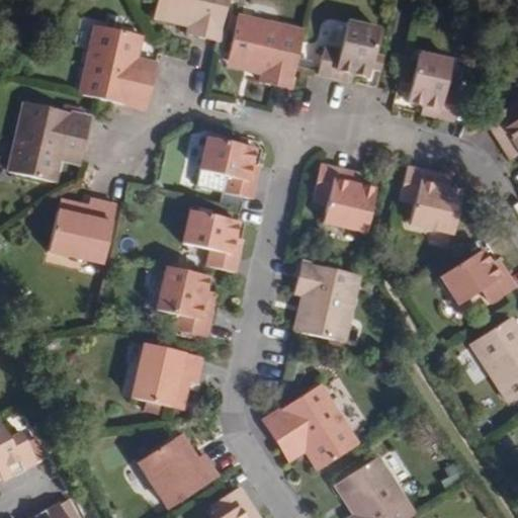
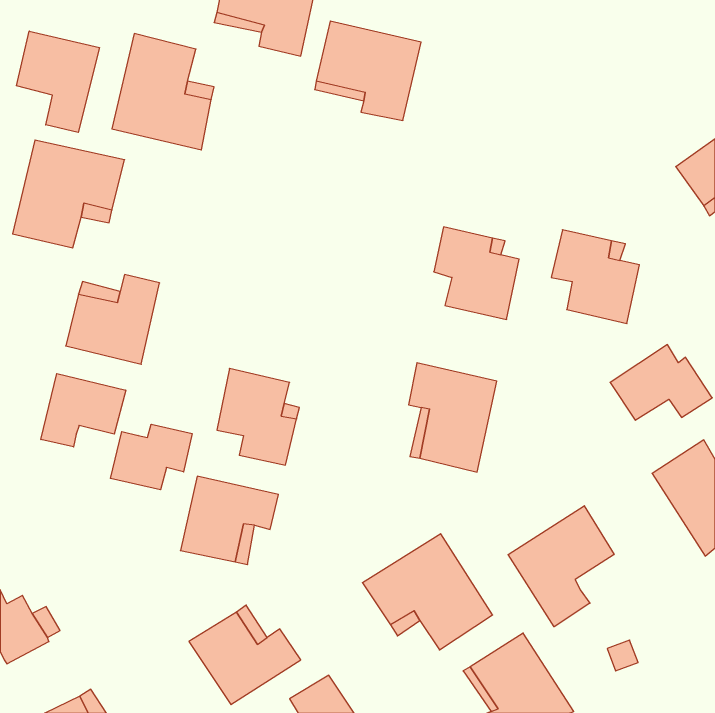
building: [319,21,378,81] -> none
building: none -> [17,31,99,132]
building: [408,55,460,119] -> none
building: [200,138,258,197] -> none
building: [182,211,240,272] -> none
building: none -> [41,374,126,447]
building: none -> [110,424,192,490]
building: none -> [508,506,614,627]

